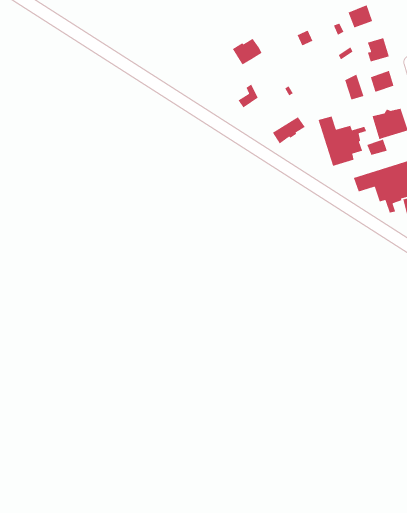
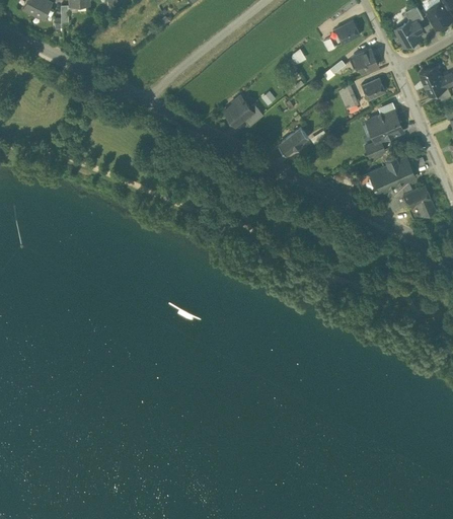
building: [232,38,262,66] -> [224,98,252,125]
building: [318,115,367,167] -> none

